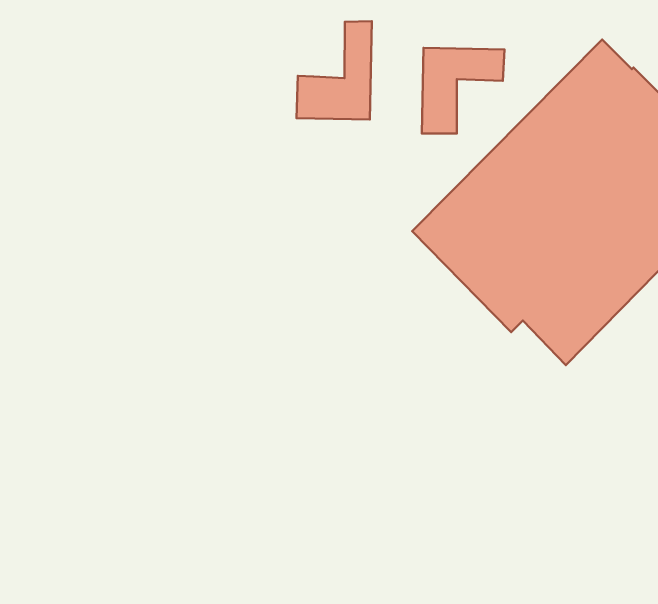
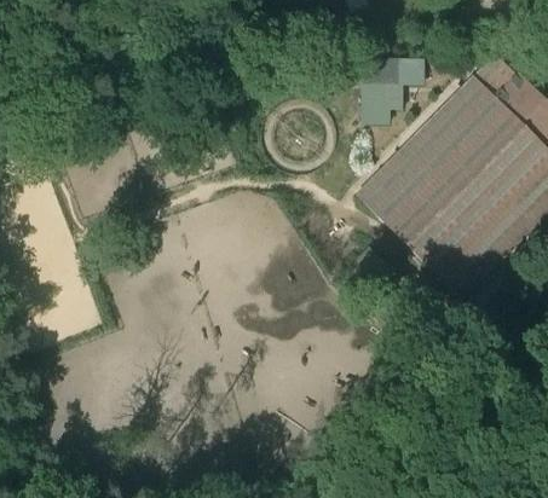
building: [296,21,372,119] -> none

